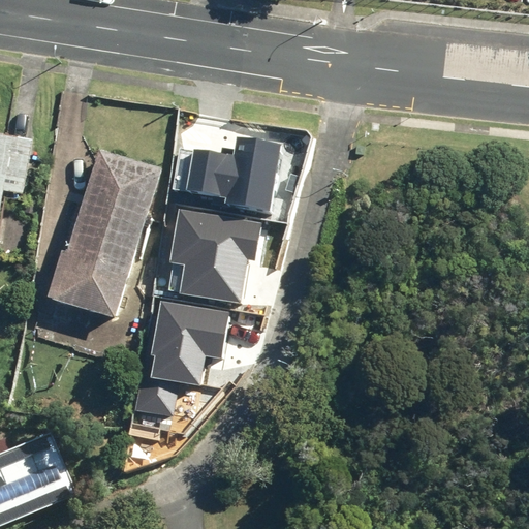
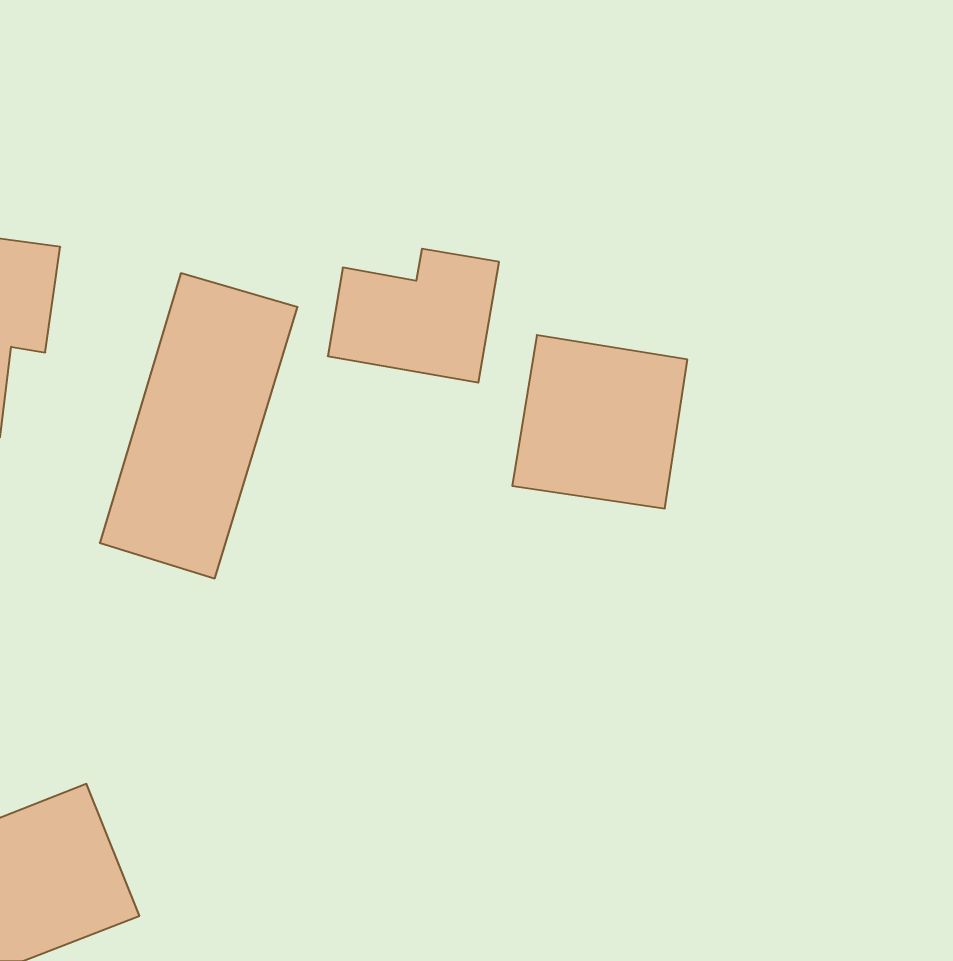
building: [160,208,256,303] -> [512,335,687,508]
building: [134,300,225,416] -> none

